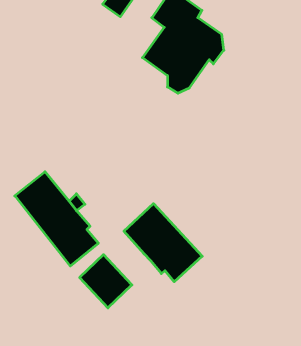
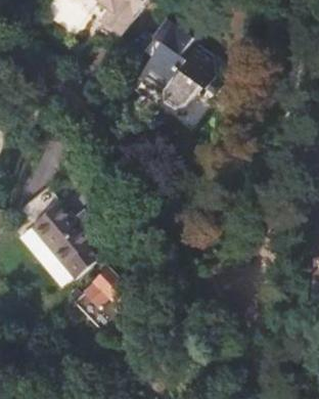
building: [124,204,202,282] -> none

